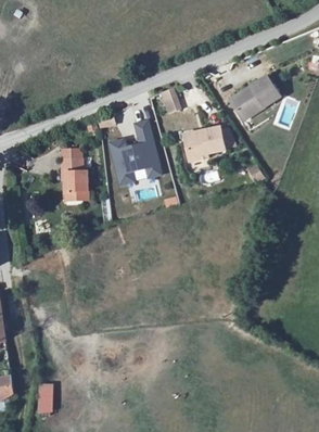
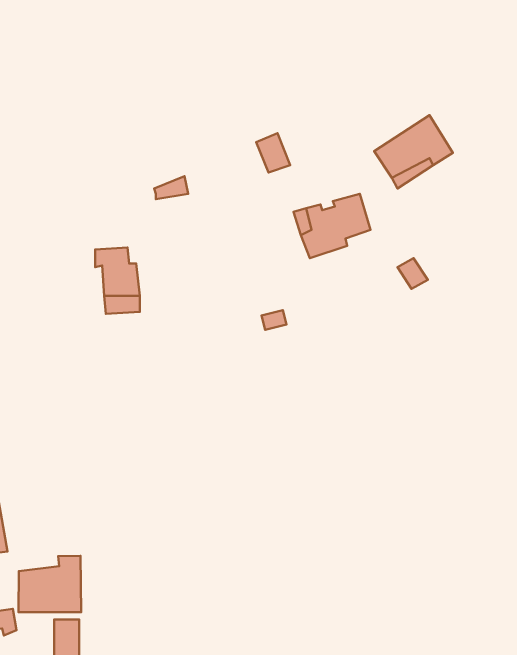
building: [107,116,157,179] -> none
building: none -> [18,556,81,612]

